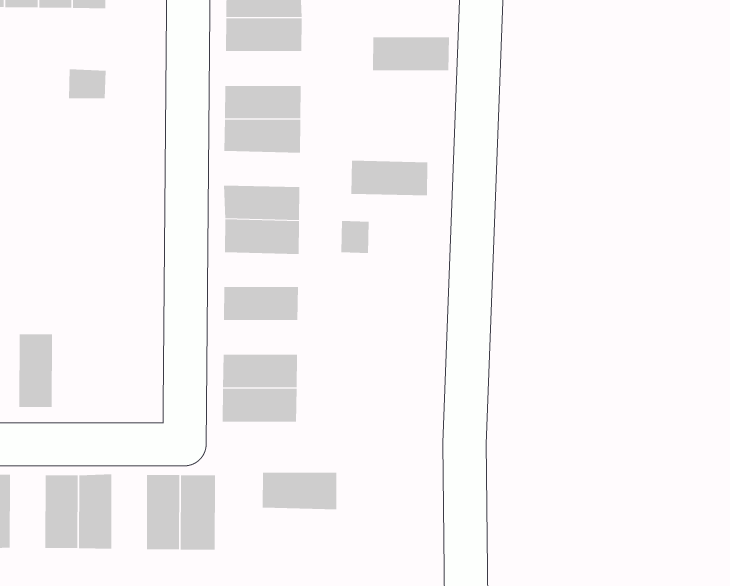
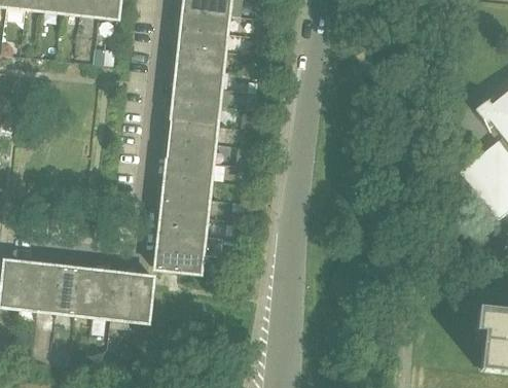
building: [372,37,450,71] -> [179,46,223,69]
building: [351,160,428,196] -> [173,101,217,125]
building: none -> [168,156,211,179]
building: none -> [164,193,207,216]
building: [19,334,53,407] -> [37,267,60,309]
building: [262,472,337,510] -> [157,249,201,274]
building: none -> [93,272,115,315]

